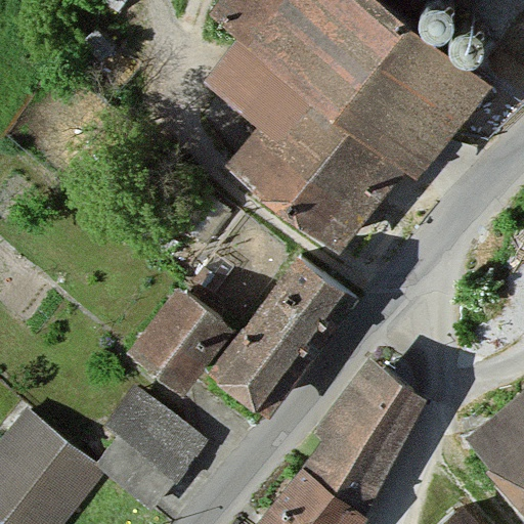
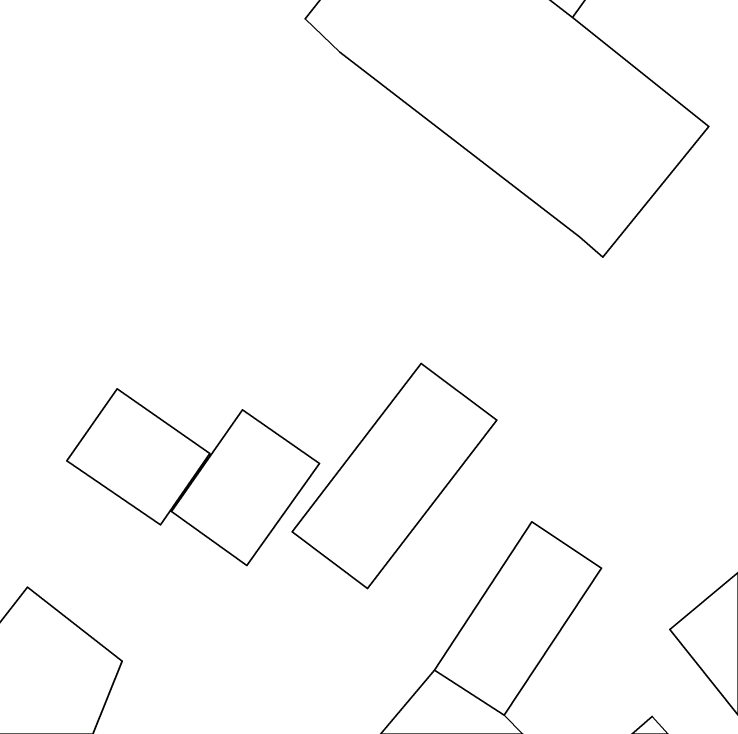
building: [203,37,408,250] -> none
building: none -> [67,389,210,525]
building: [86,391,199,508] -> none

